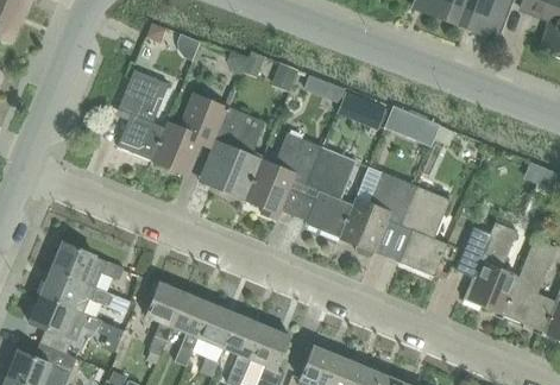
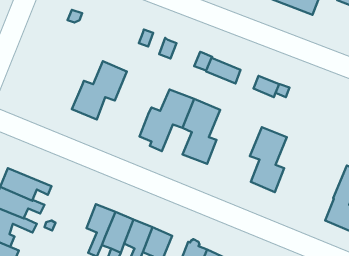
building: [117,70,169,160] -> none
building: [199,108,263,198] -> none
building: [339,171,415,255] -> none
building: [455,209,520,315] -> none
building: [145,282,184,354] -> none

